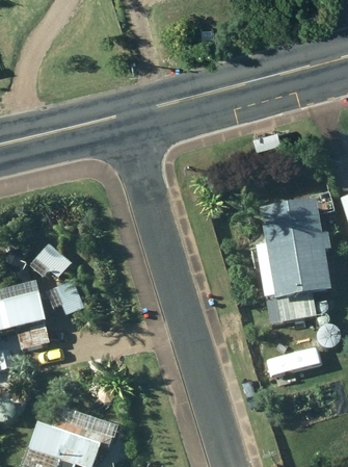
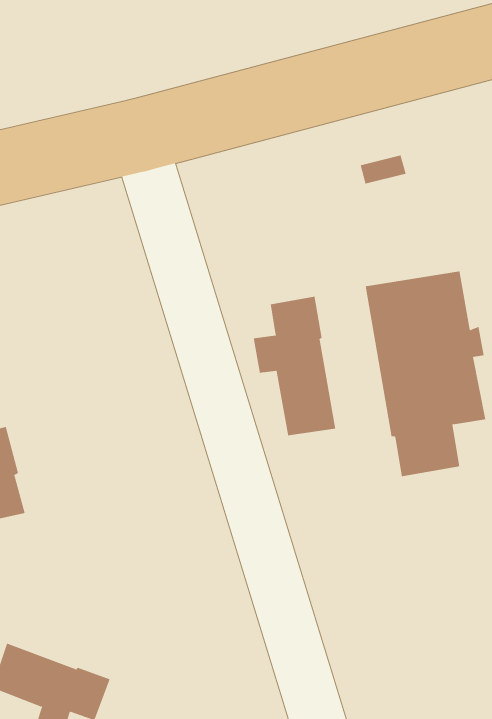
building: none -> [253,296,336,436]

